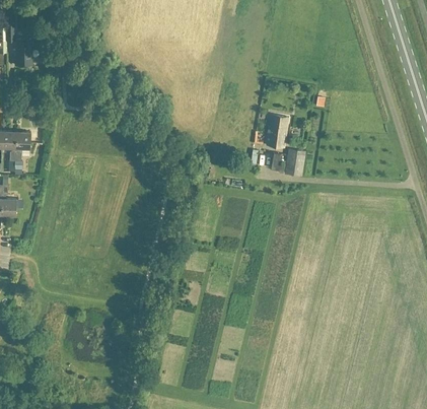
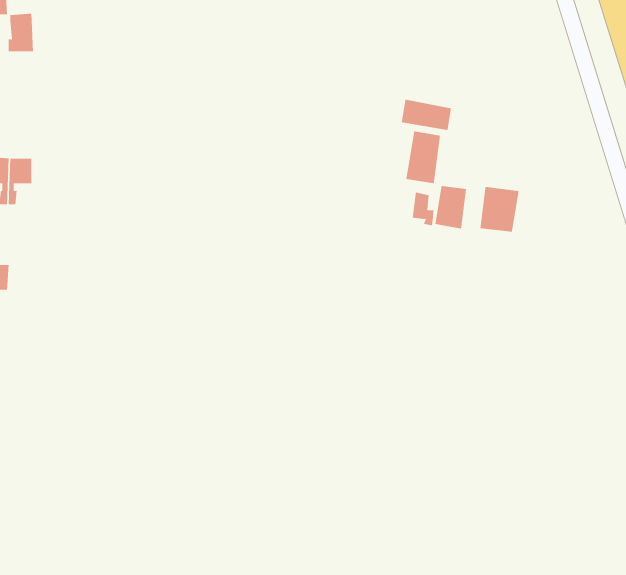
building: none -> [401,99,451,131]
building: none -> [480,186,519,233]

